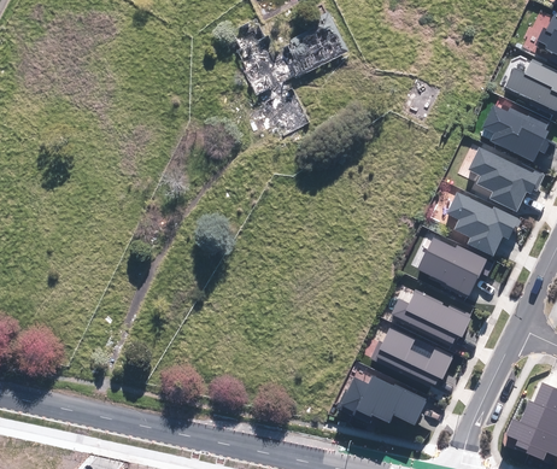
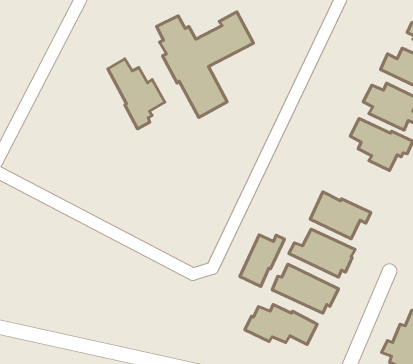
building: none -> [108,59,165,129]
building: [446,193,520,256] -> none
building: none -> [240,235,284,286]

